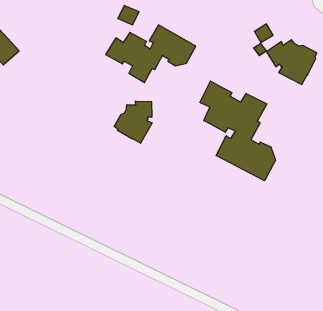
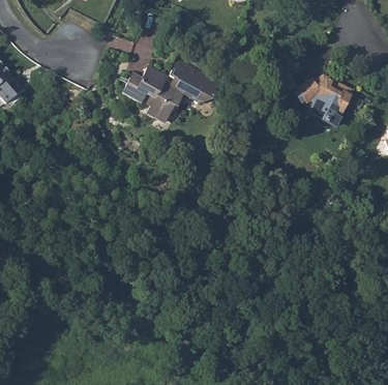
building: [200,81,276,181] -> none
building: [114,101,152,143] -> none

